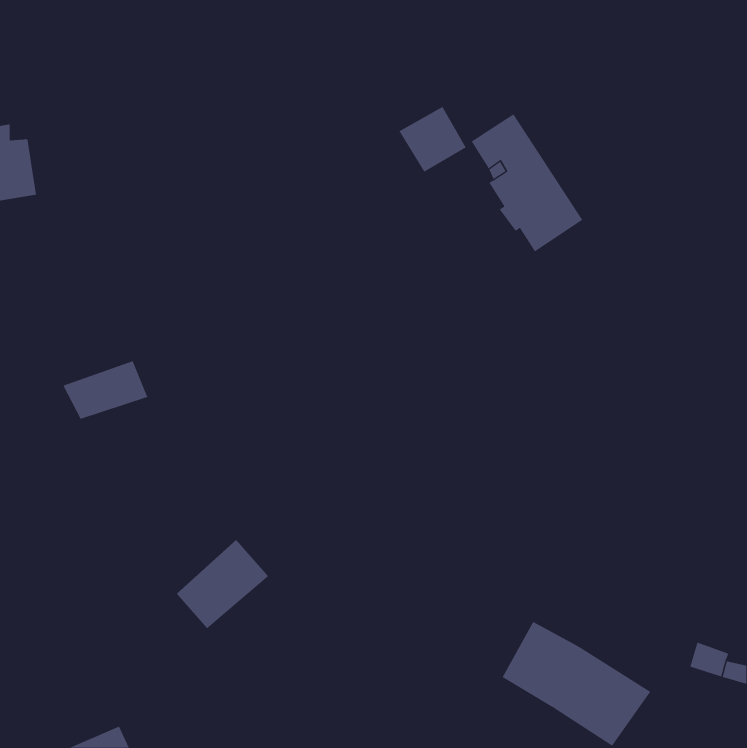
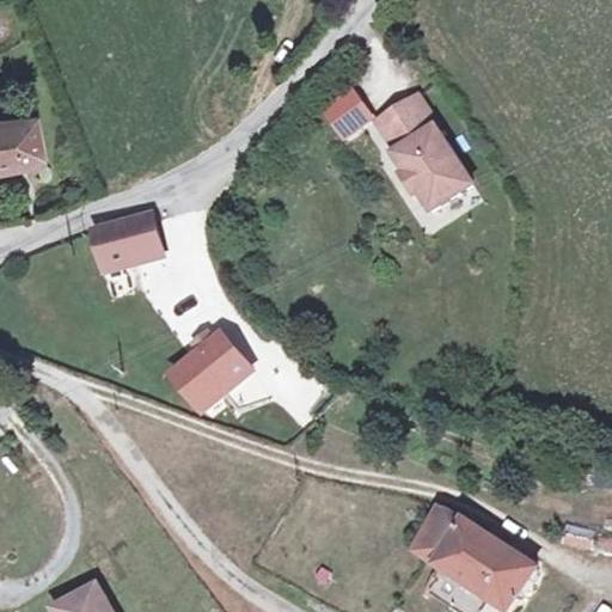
building: [62,360,148,419] -> [88,216,158,264]
building: [176,539,269,629] -> [177,342,252,415]

